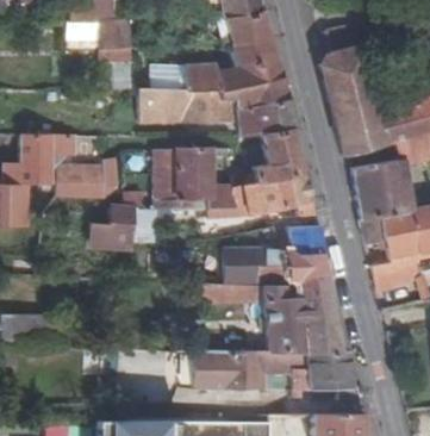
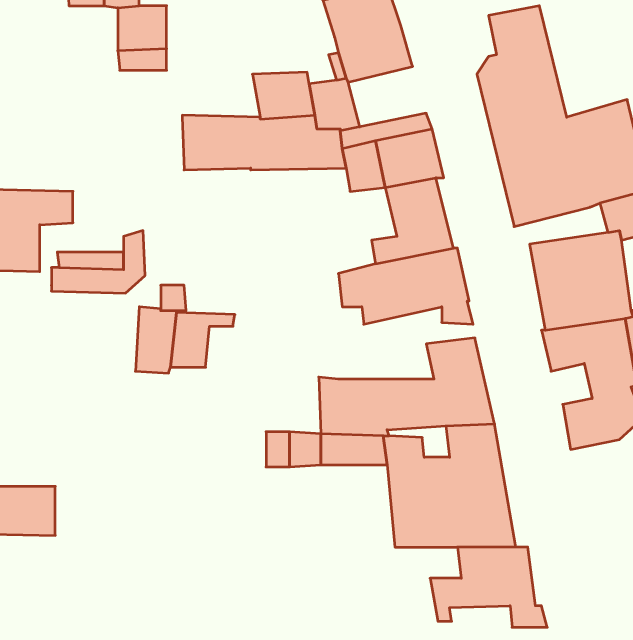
building: [241,58,288,95] -> none
building: [154,147,237,206] -> none
building: [192,351,310,387] -> none

